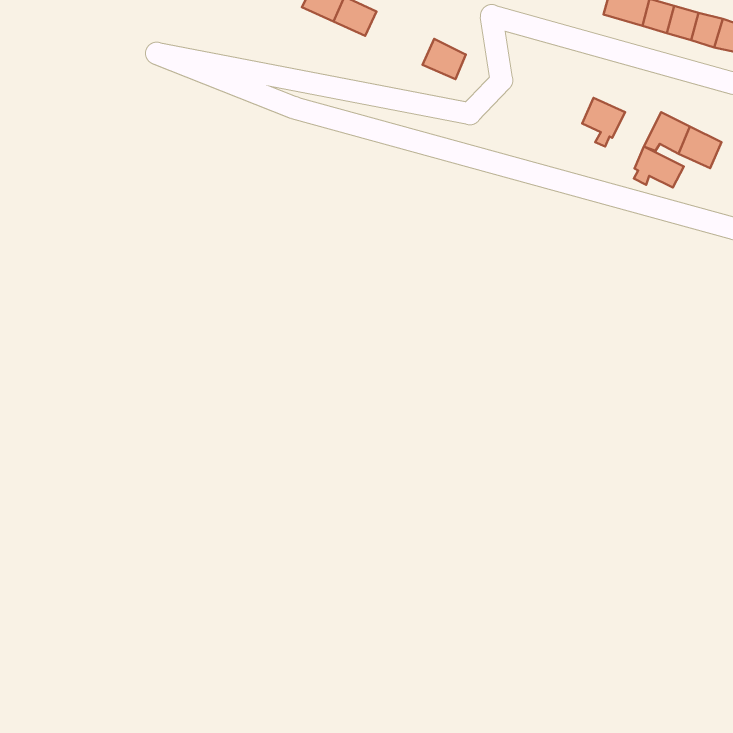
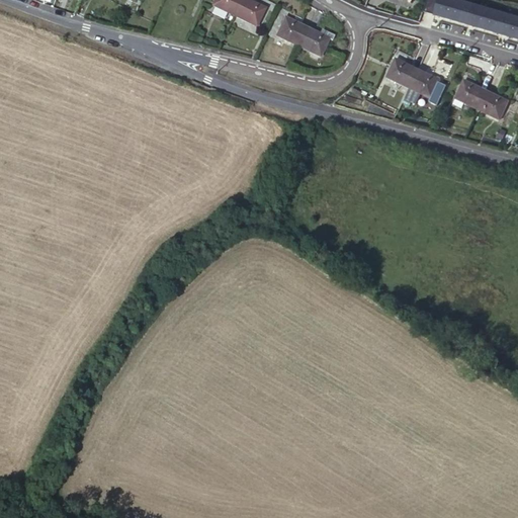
building: none -> [277,17,307,46]
building: none -> [388,58,419,87]
building: [634,147,684,187] -> none

